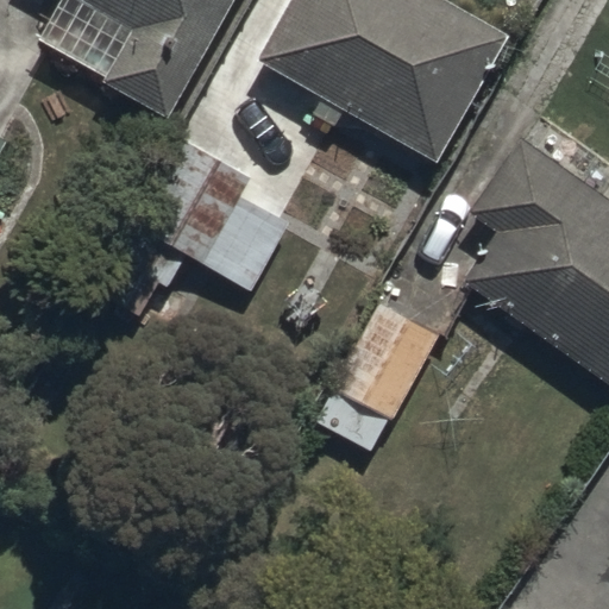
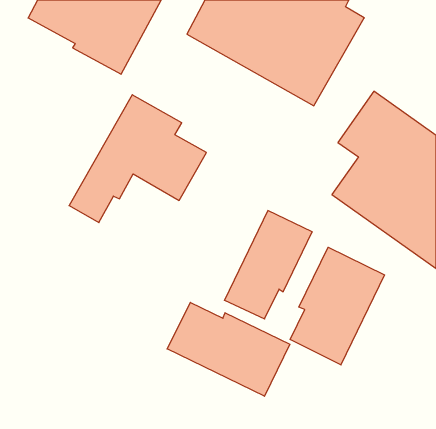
building: none -> [290,247,385,365]
building: none -> [167,302,290,396]

